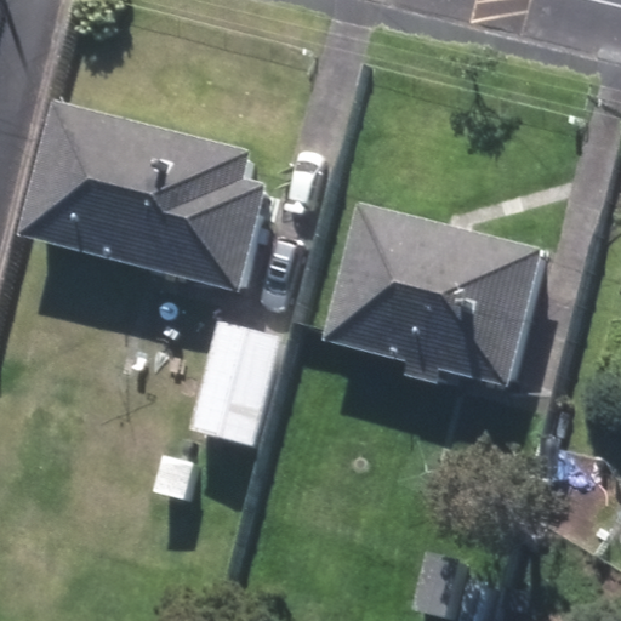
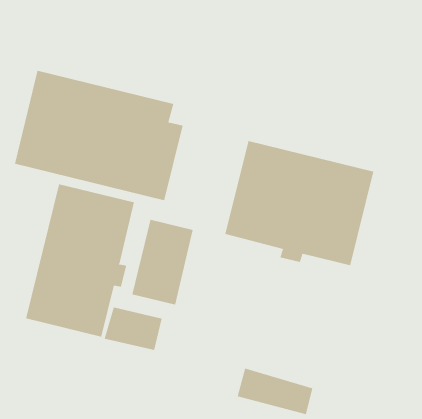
building: none -> [25,184,134,337]

